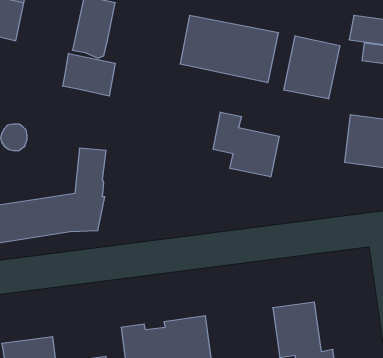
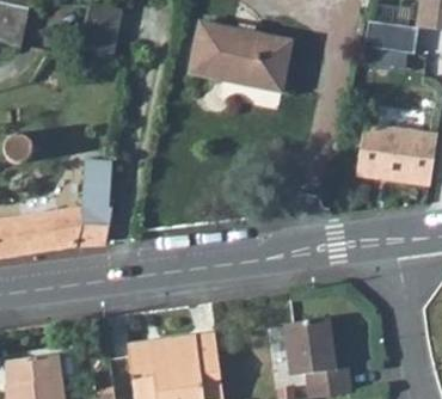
building: [284,36,340,99] -> none
building: [63,53,115,96] -> none
building: [213,112,279,177] -> none

